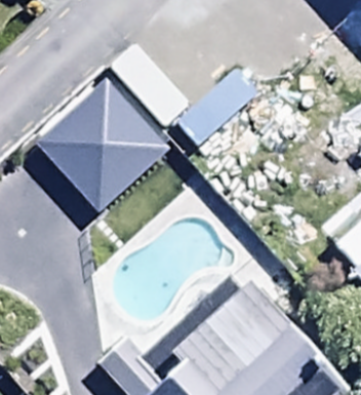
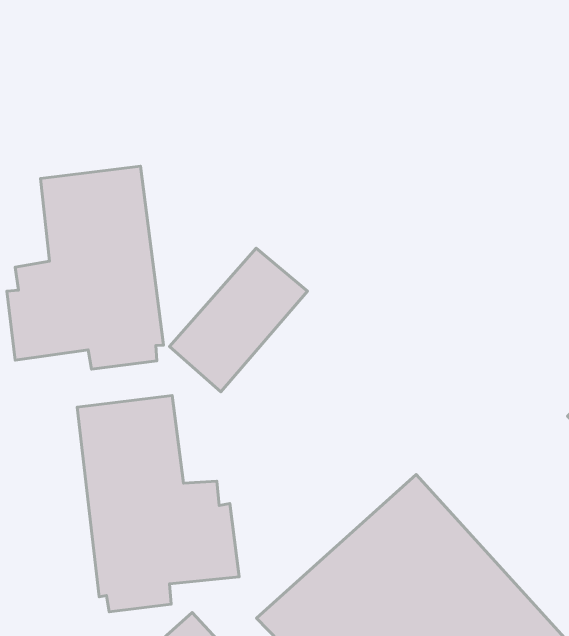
building: none -> [77,396,239,612]

